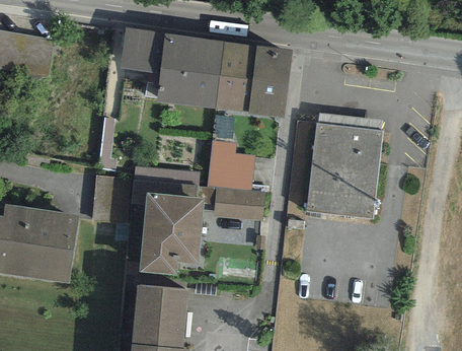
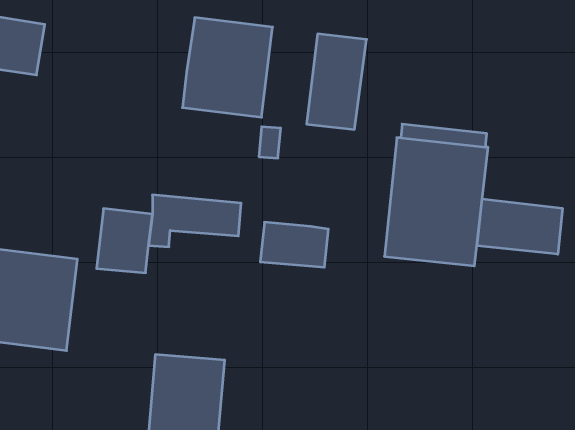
building: [119,27,164,74] -> none
building: [214,41,255,113] -> none
building: [206,140,254,189] -> none
building: none -> [477,199,562,254]
building: [137,192,202,275] -> none

